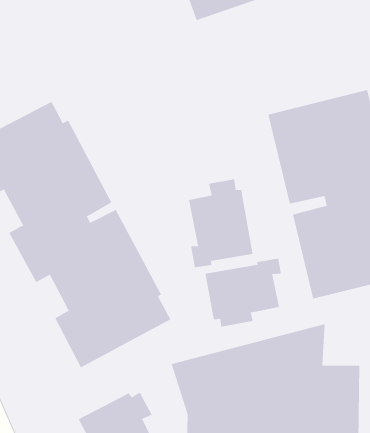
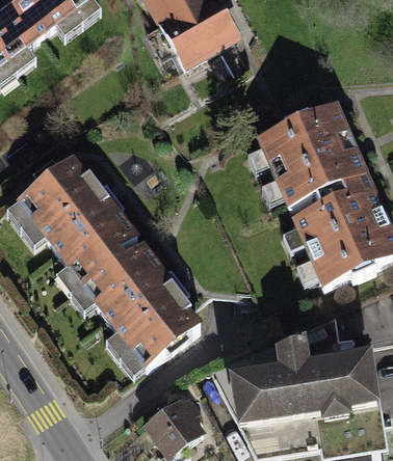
building: [189,178,253,268] -> none
building: [205,258,281,327] -> none

